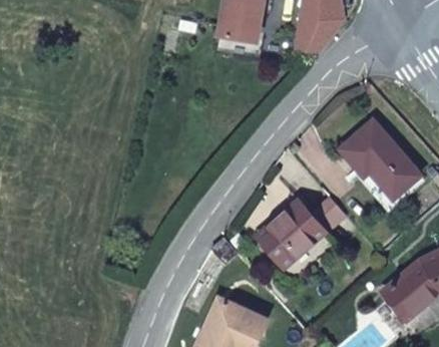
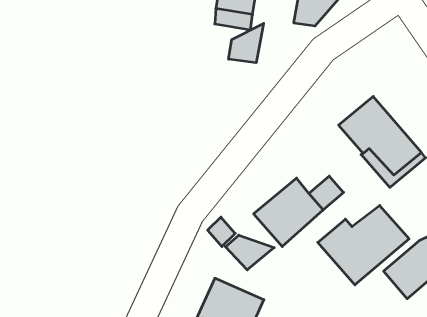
building: none -> [229,23,264,63]
building: none -> [318,205,409,285]
building: none -> [225,235,274,270]

